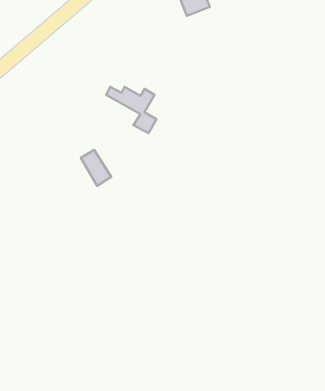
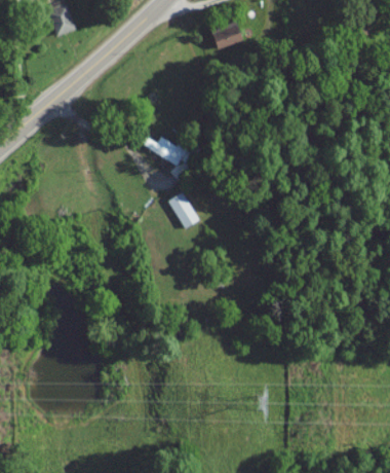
building: [81,150,111,186] -> [168,191,199,228]

